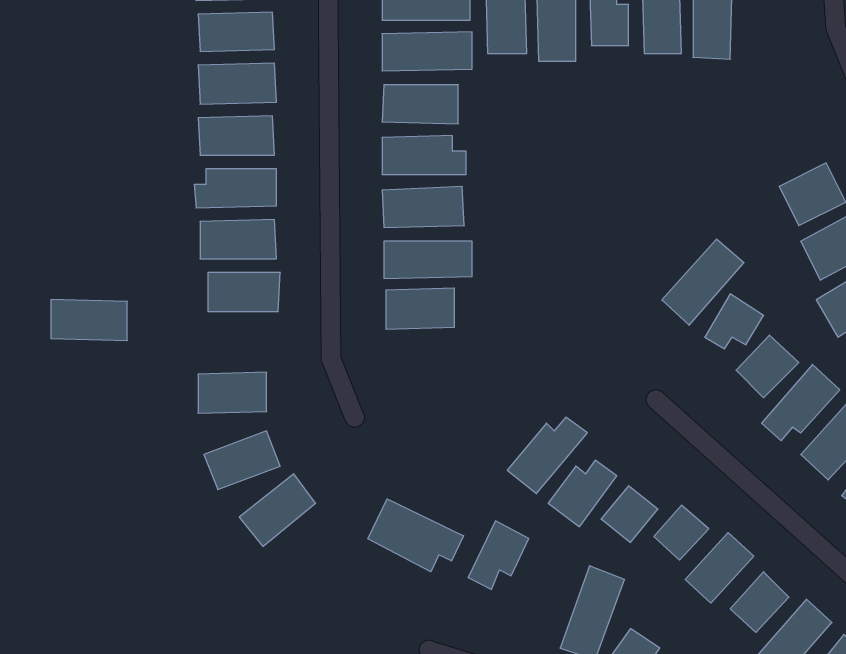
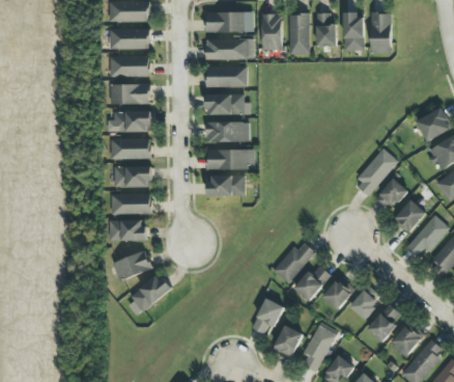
building: [51,300,127,341] -> [111,193,151,215]
building: [368,499,464,572] -> none
building: none -> [274,325,303,357]

